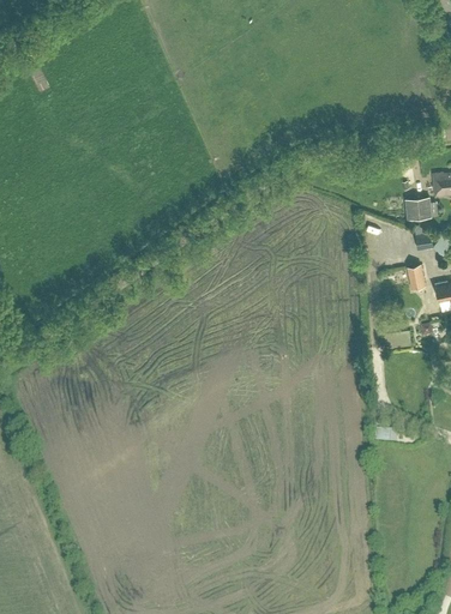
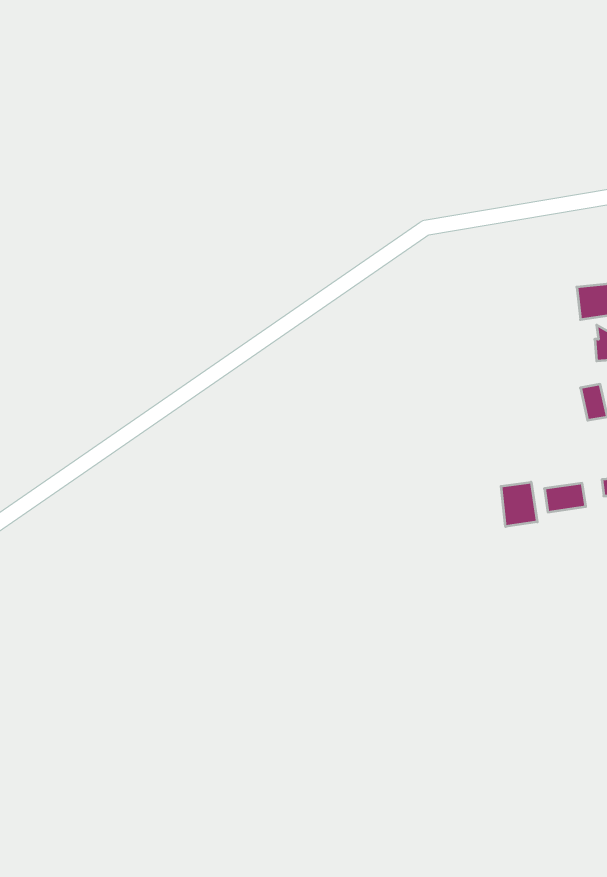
building: none -> [501,482,537,527]

